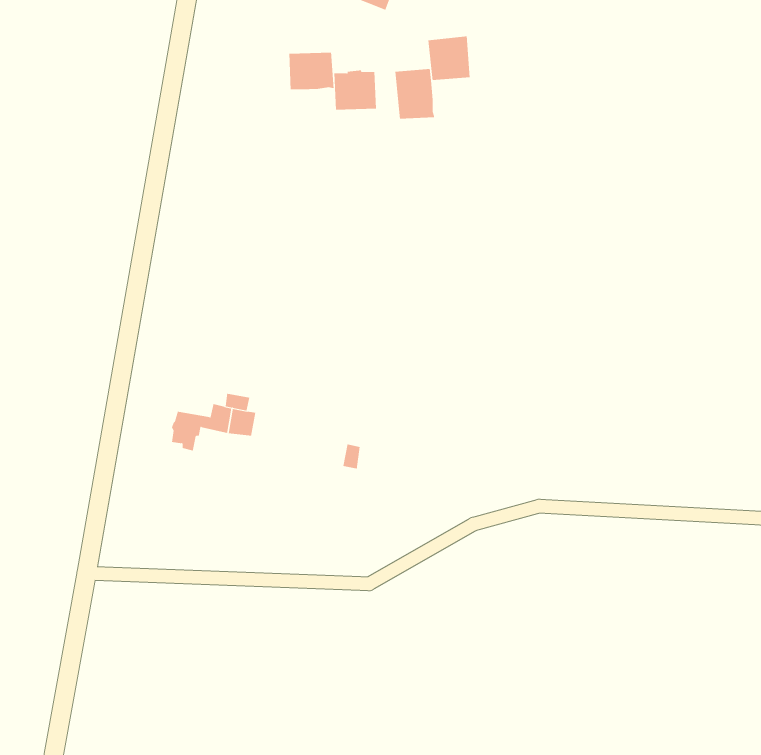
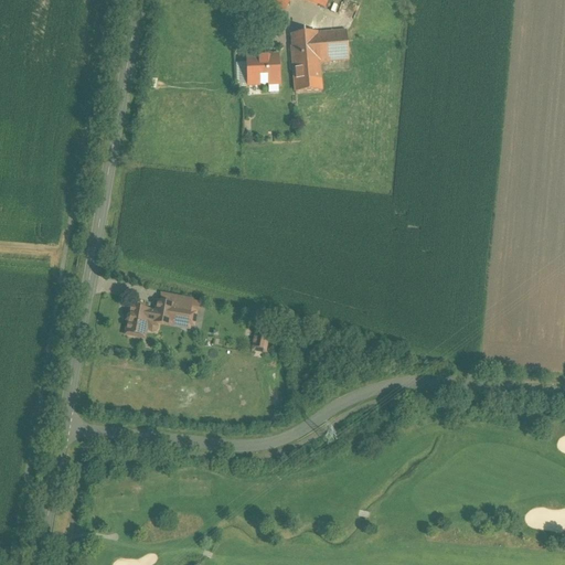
building: none -> [291,29,319,53]
building: [289,52,334,90] -> none

